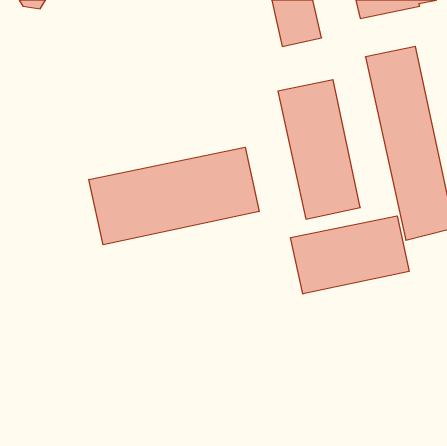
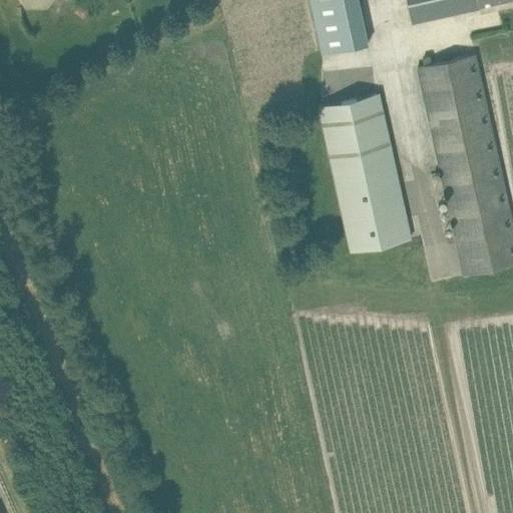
building: [89,147,259,245] -> none
building: [291,216,409,294] -> none

